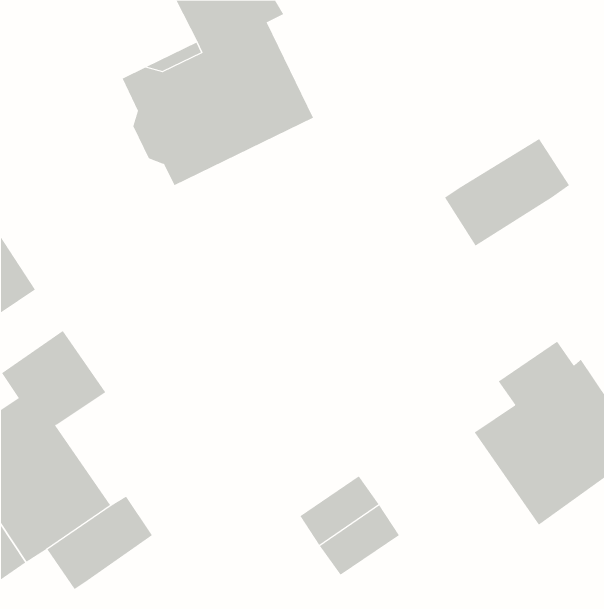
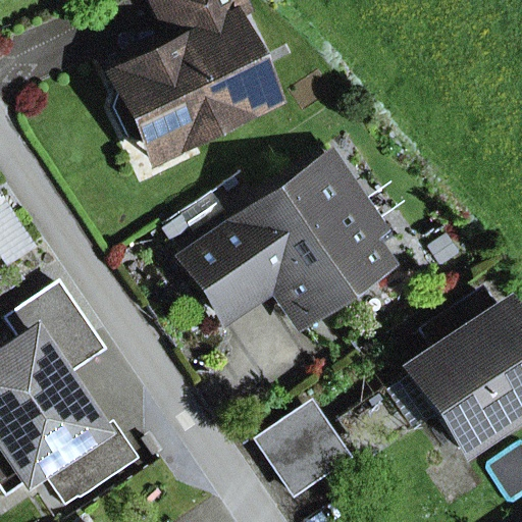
building: [444,138,570,246] -> none
building: none -> [185,161,384,318]

